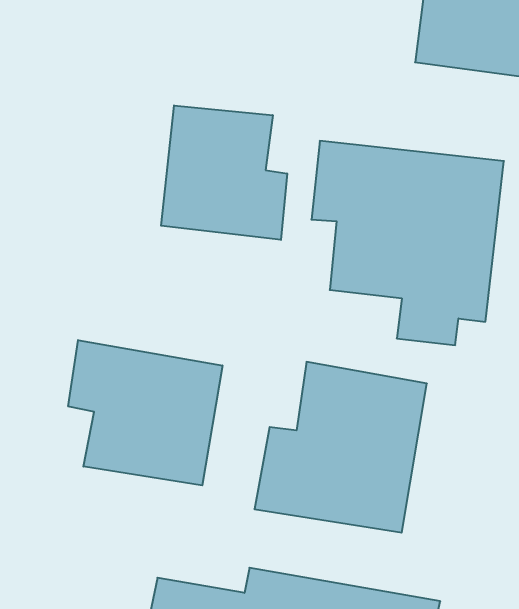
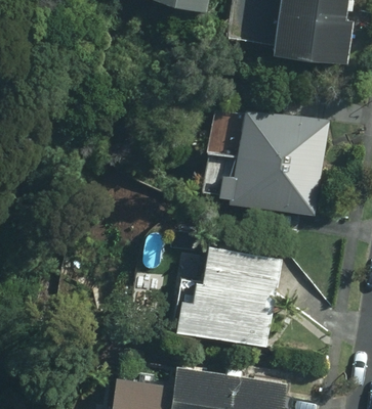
building: [161,105,287,240] -> none
building: [68,340,222,485] -> none

